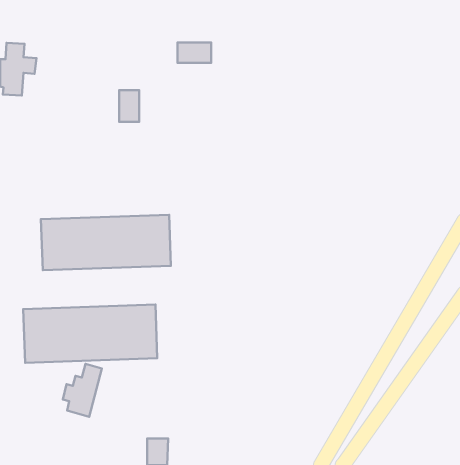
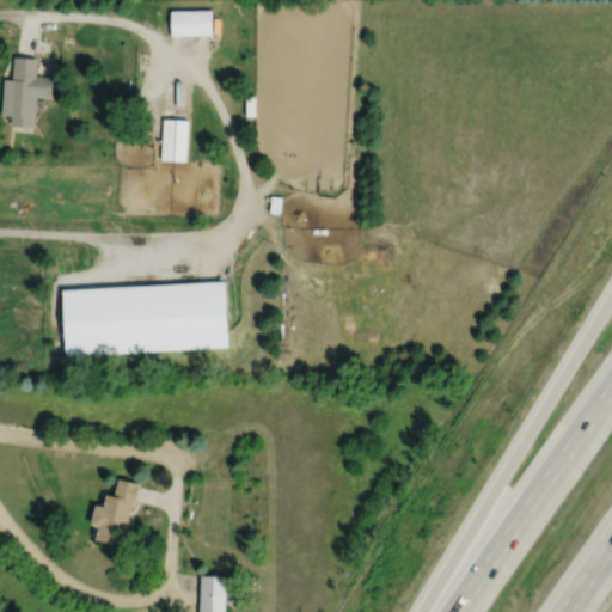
building: [178,43,211,63] -> [172,10,216,36]
building: [23,304,157,363] -> none

